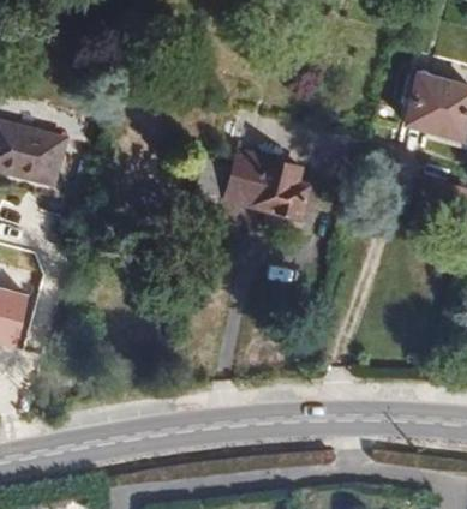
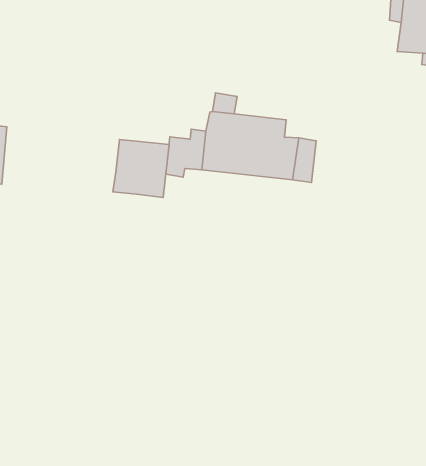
building: none -> [113,139,169,197]

